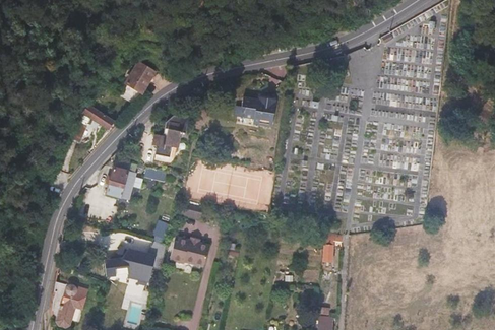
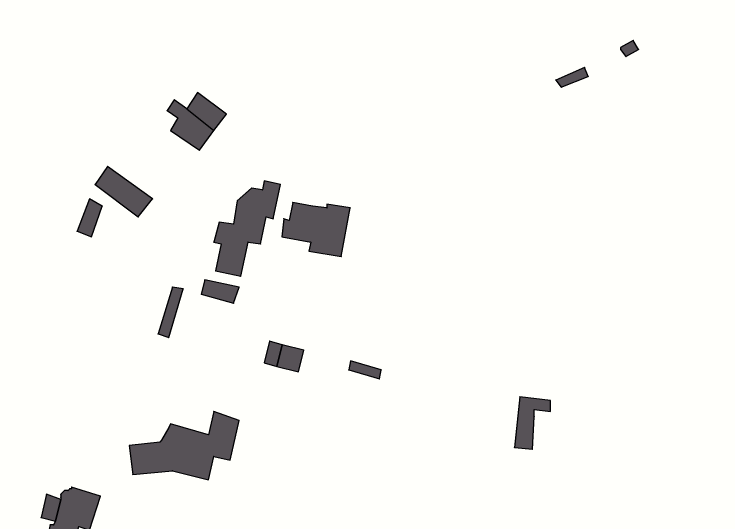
building: [238,97,276,128] -> [282,202,350,257]
building: [107,167,129,198] -> none
building: [170,238,209,267] -> none

